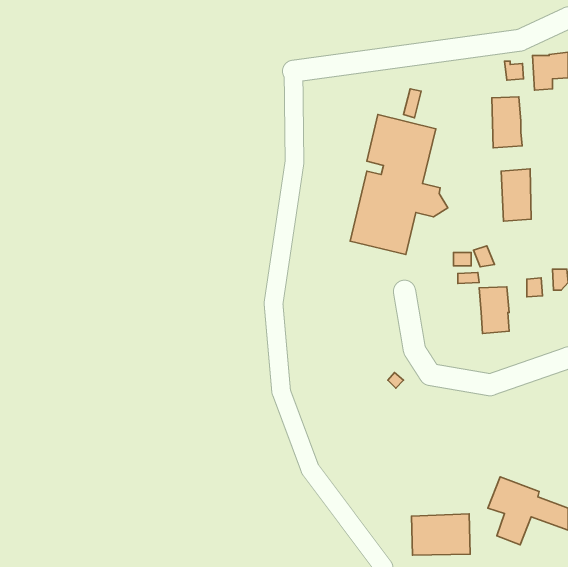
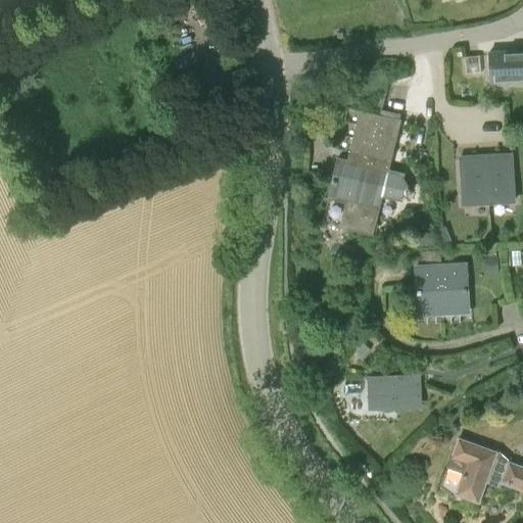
building: [492,97,522,148] -> [487,154,515,201]
building: none -> [415,265,443,307]
building: [411,514,470,555] -> [368,376,422,414]

